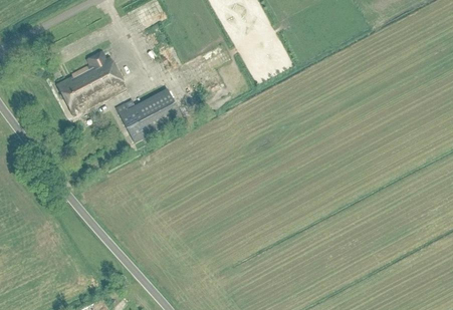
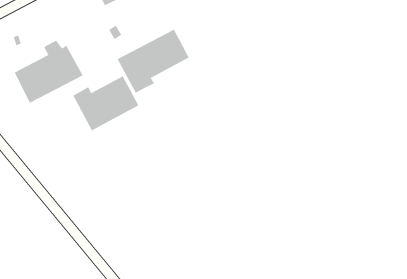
building: none -> [117,29,190,94]

